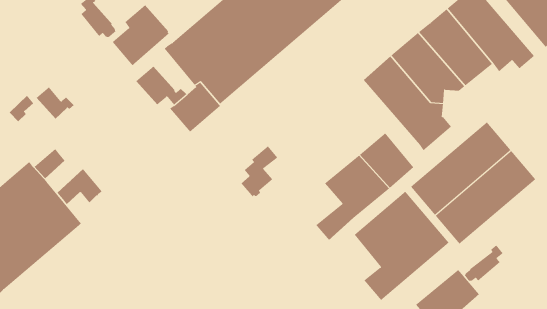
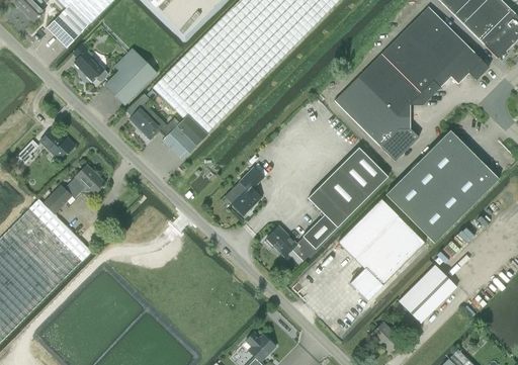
building: [57,168,103,205] -> [64,164,105,198]
building: none -> [265,225,315,262]
building: [464,244,503,282] -> none

